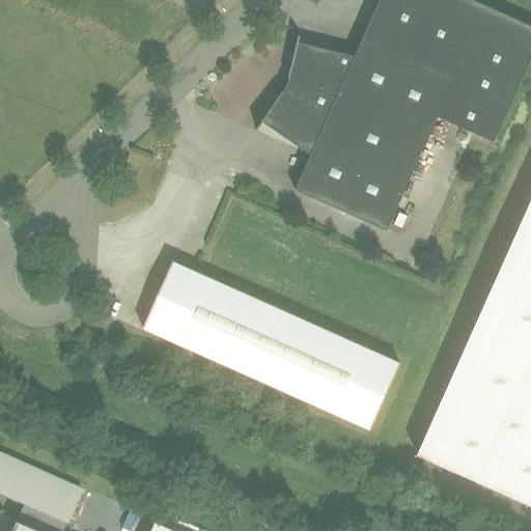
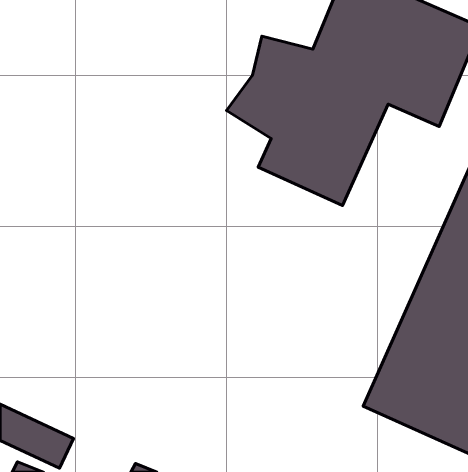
building: [142,261,406,431] -> none

